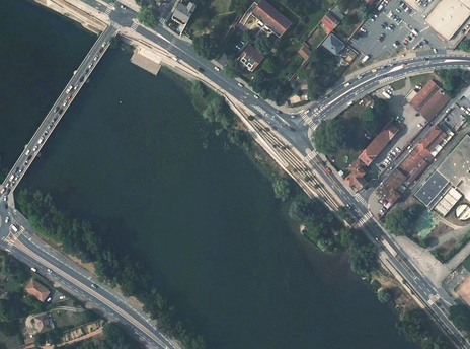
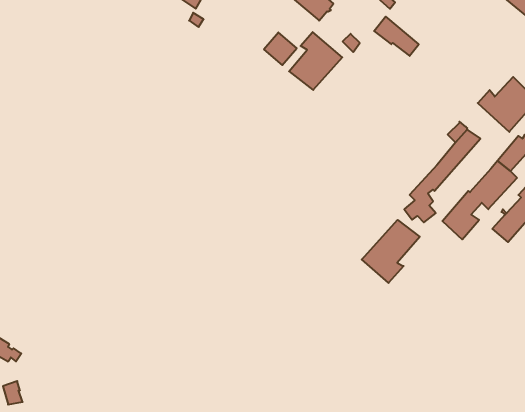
building: none -> [289,32,342,90]
building: none -> [362,220,420,283]

